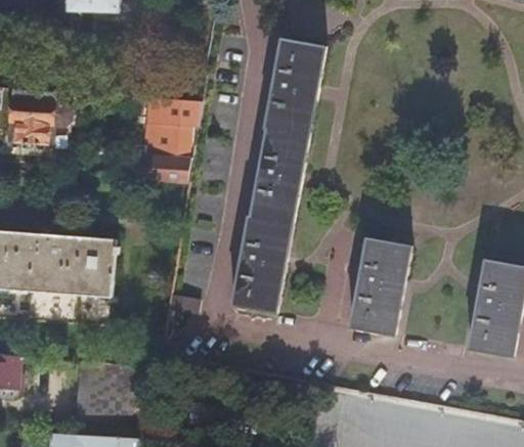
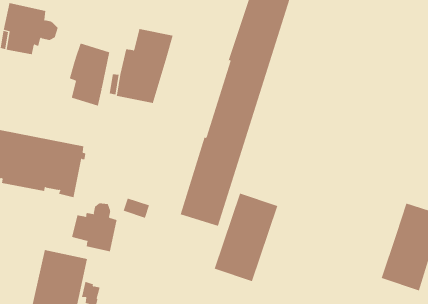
building: none -> [69,42,110,106]
building: [347,235,410,333] -> [214,193,278,282]
building: none -> [71,202,117,252]

